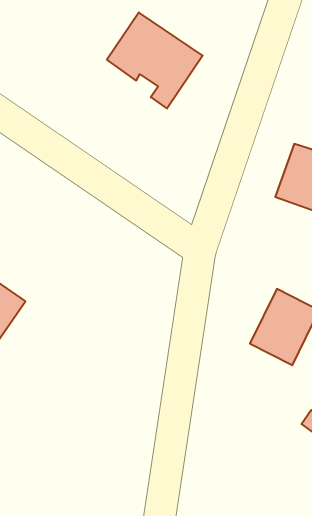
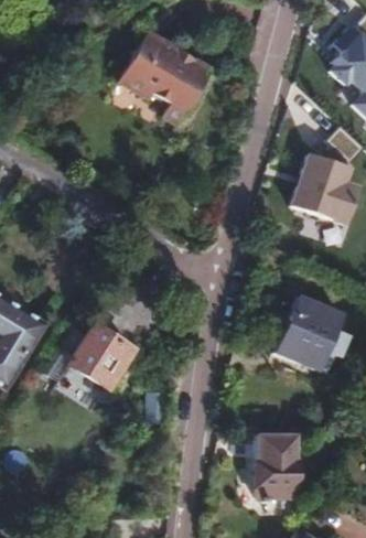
building: none -> [74,330,134,390]
building: none -> [258,435,298,501]

